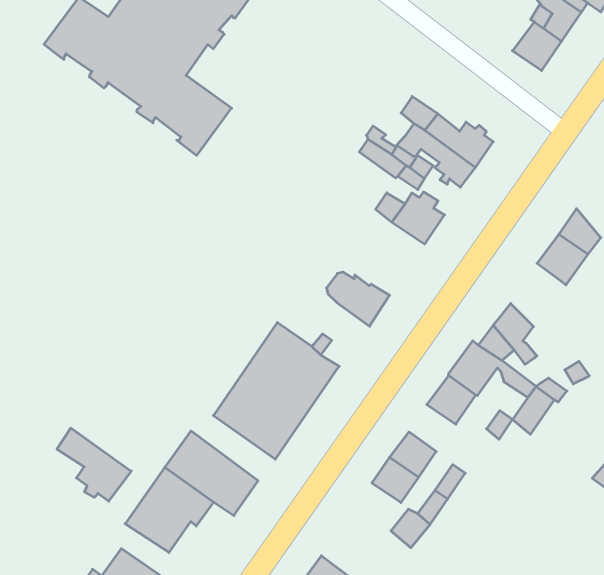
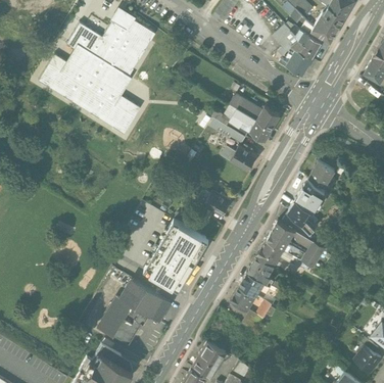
building: none -> [295,178,325,212]
building: none -> [248,256,273,285]
building: [57,428,131,501] -> none

